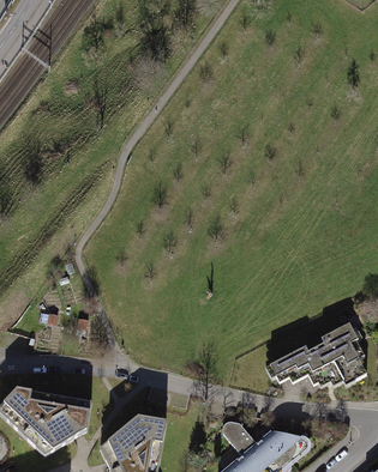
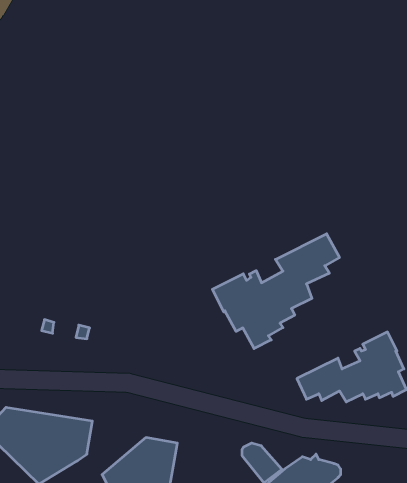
building: none -> [212,234,339,349]

